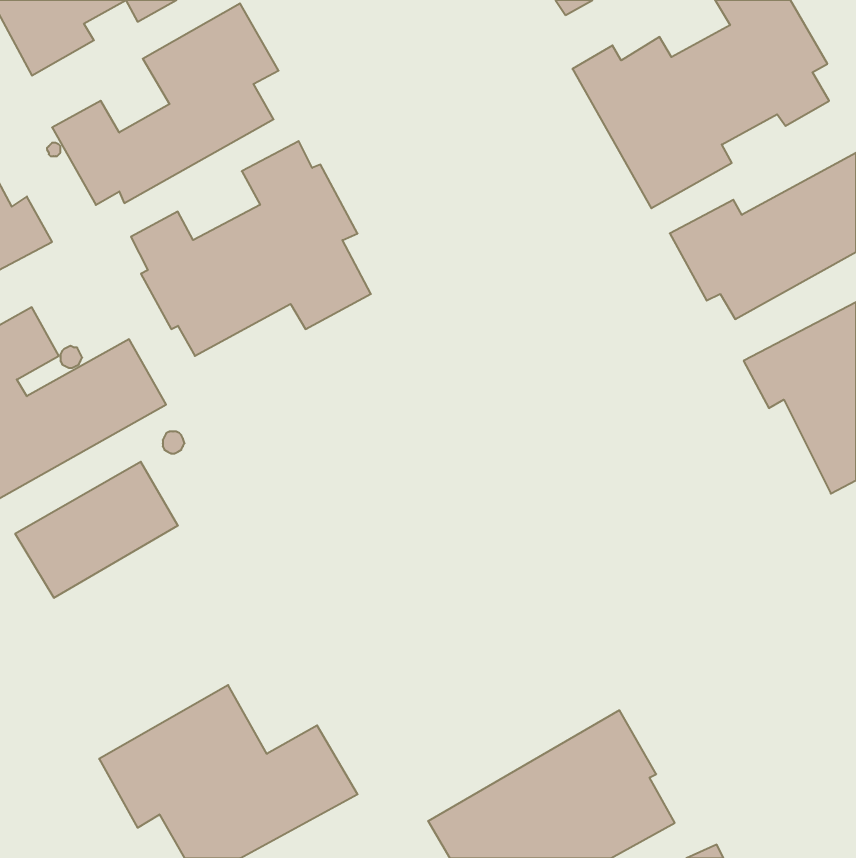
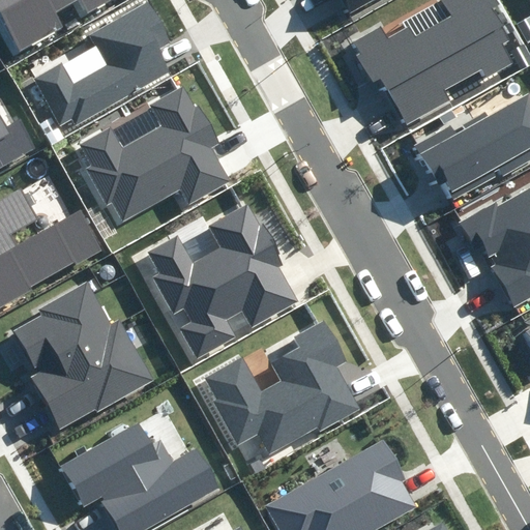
building: none -> [150,206,297,356]
building: none -> [28,319,153,428]
building: none -> [199,323,357,459]

